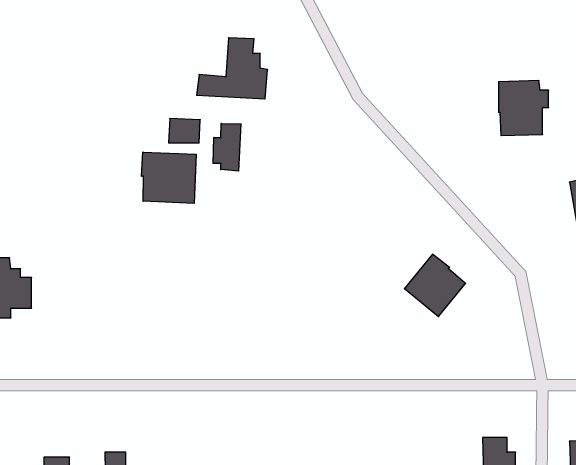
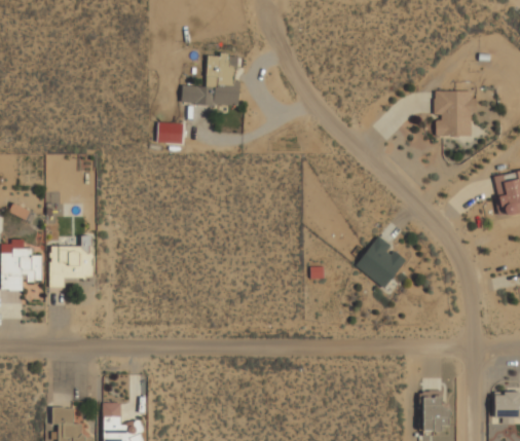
building: [213,123,241,171] -> none
building: [141,152,196,203] -> none
building: none -> [50,235,94,287]

